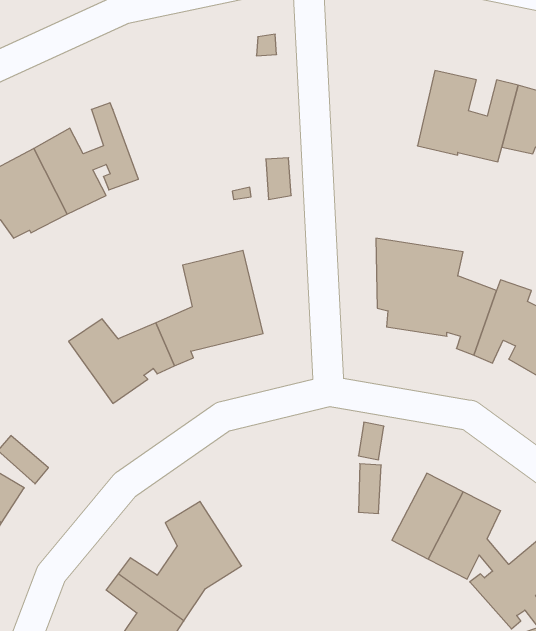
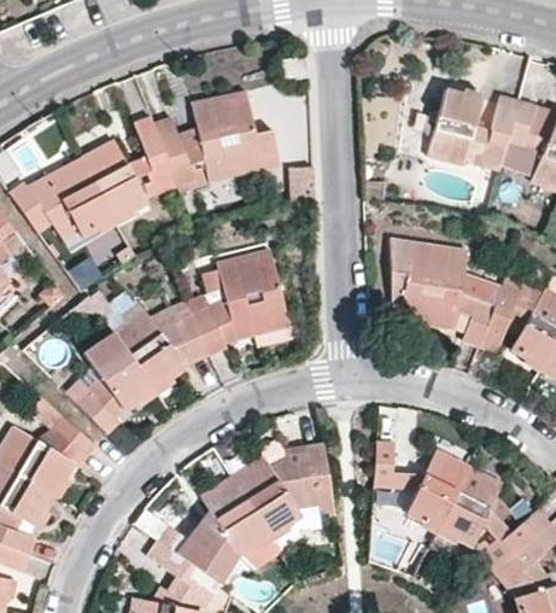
building: none -> [154,92,279,193]
building: none -> [76,333,154,433]
building: none -> [233,444,335,535]

